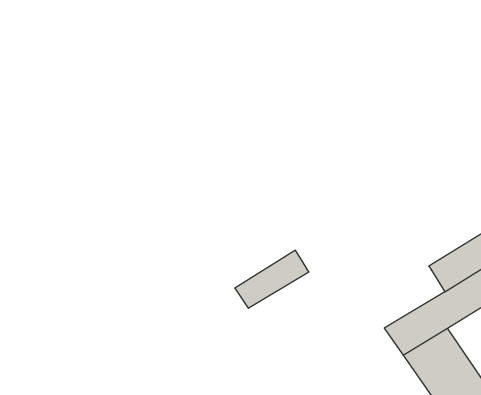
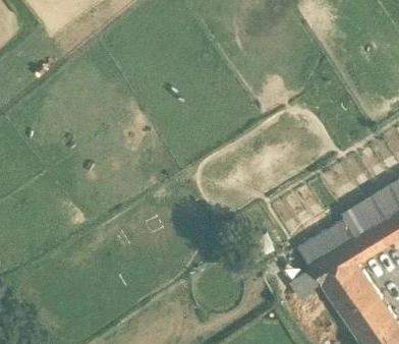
building: [235,250,309,308] -> [297,222,353,266]

